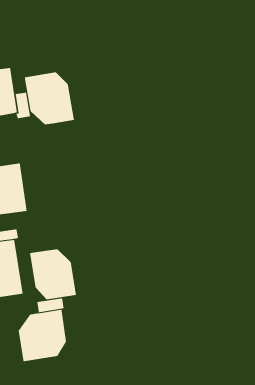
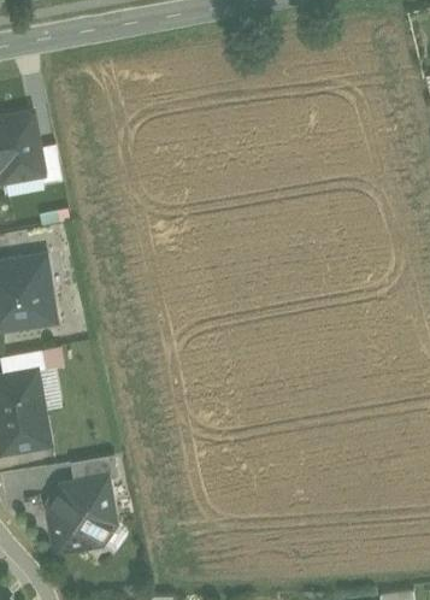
building: [24,71,75,125] -> none
building: [30,249,76,300] -> none

